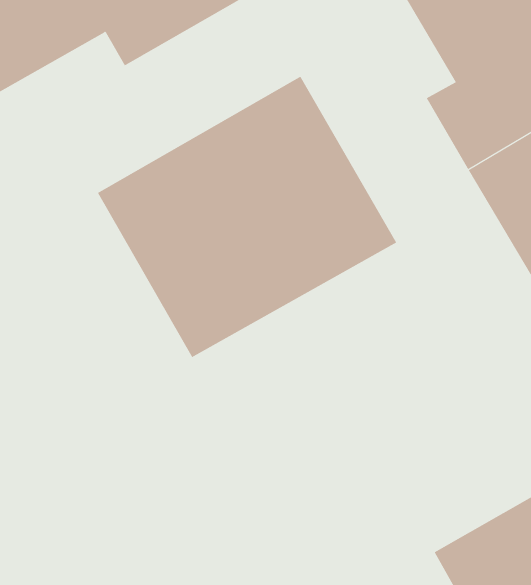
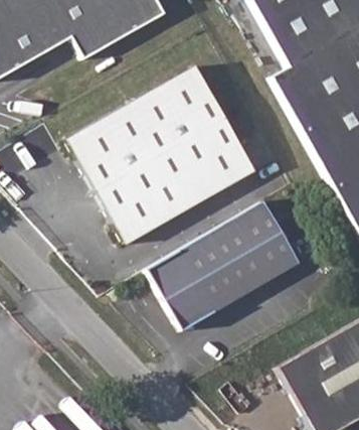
building: none -> [147,199,300,324]

